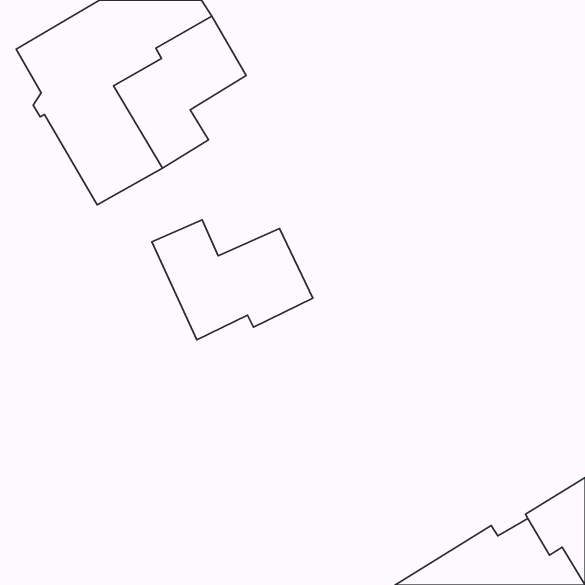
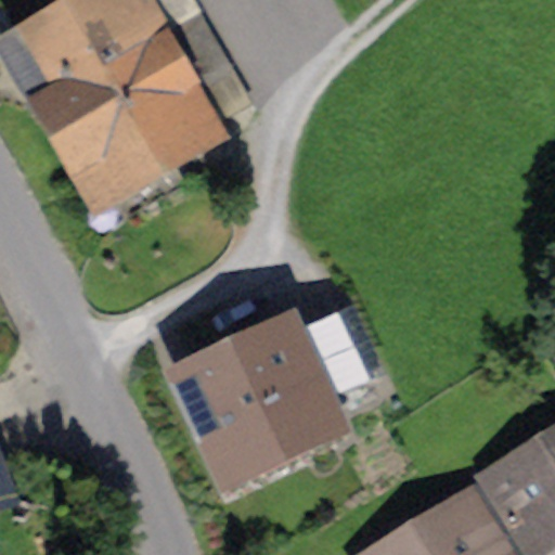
building: [152,220,313,340] -> none
building: none -> [188,339,327,459]

